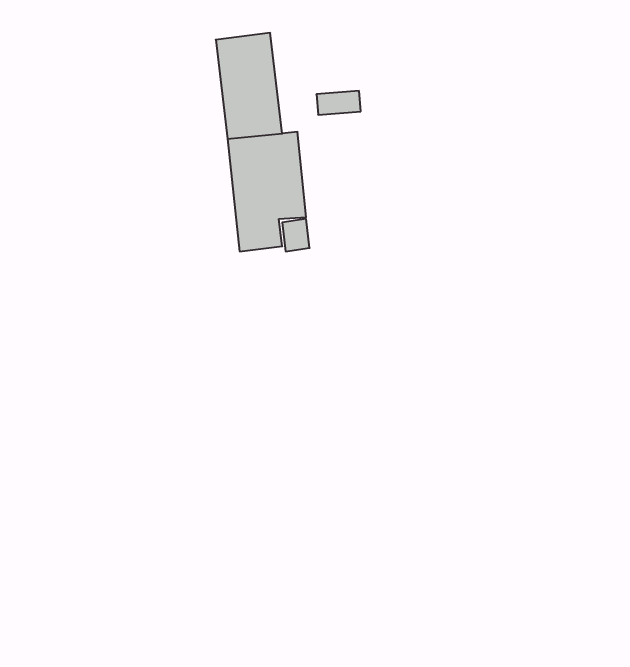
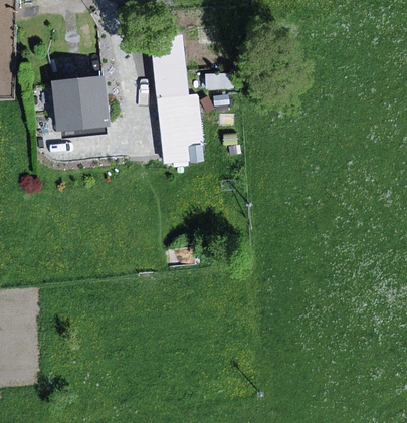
building: none -> [54,77,110,130]

